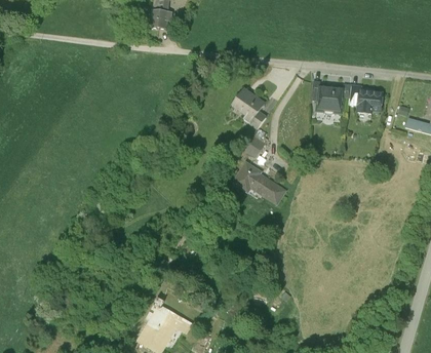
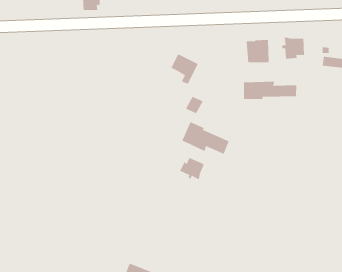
building: none -> [243,81,297,100]
building: none -> [179,157,204,180]

